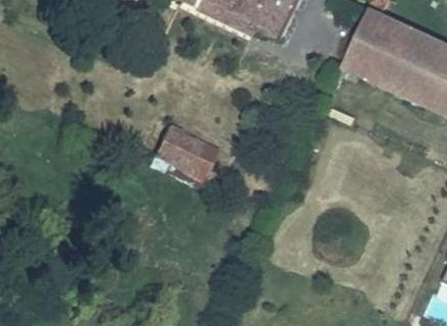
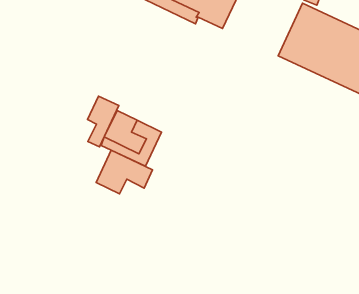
building: none -> [88,96,119,147]
building: none -> [96,150,153,194]

